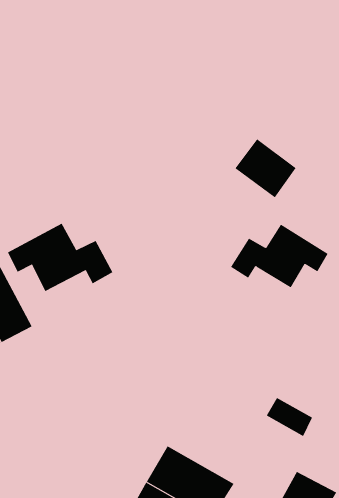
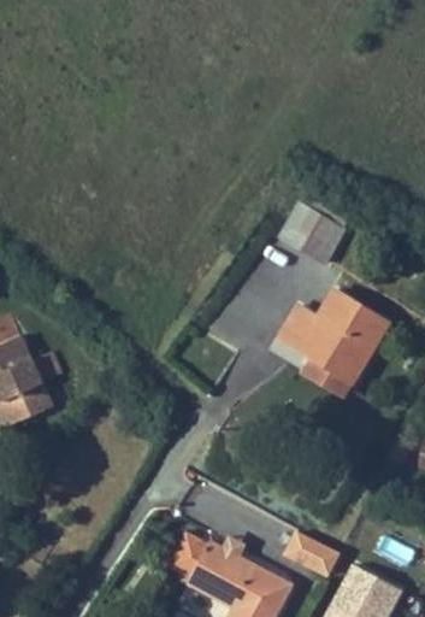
building: [7,223,113,292] -> none
building: none -> [297,335,376,383]
building: [266,397,313,437] -> [283,533,336,577]

